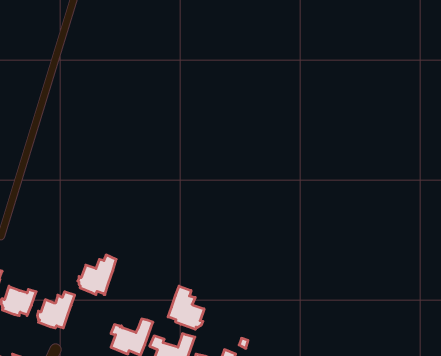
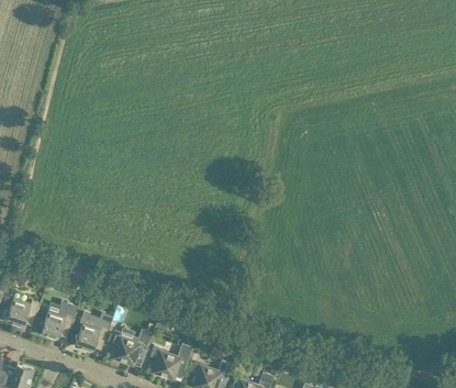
building: [78,255,116,295] -> [75,312,112,351]
building: [168,286,204,329] -> none

